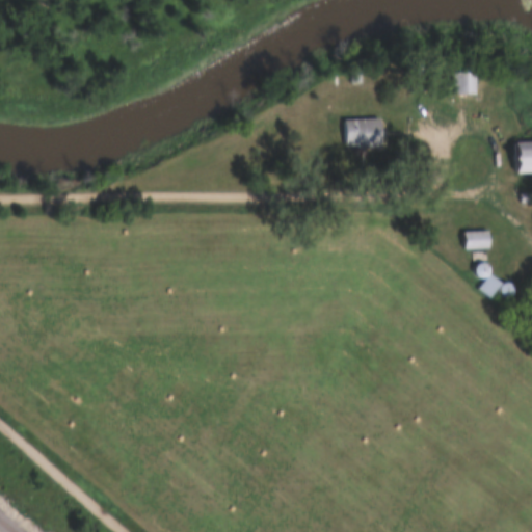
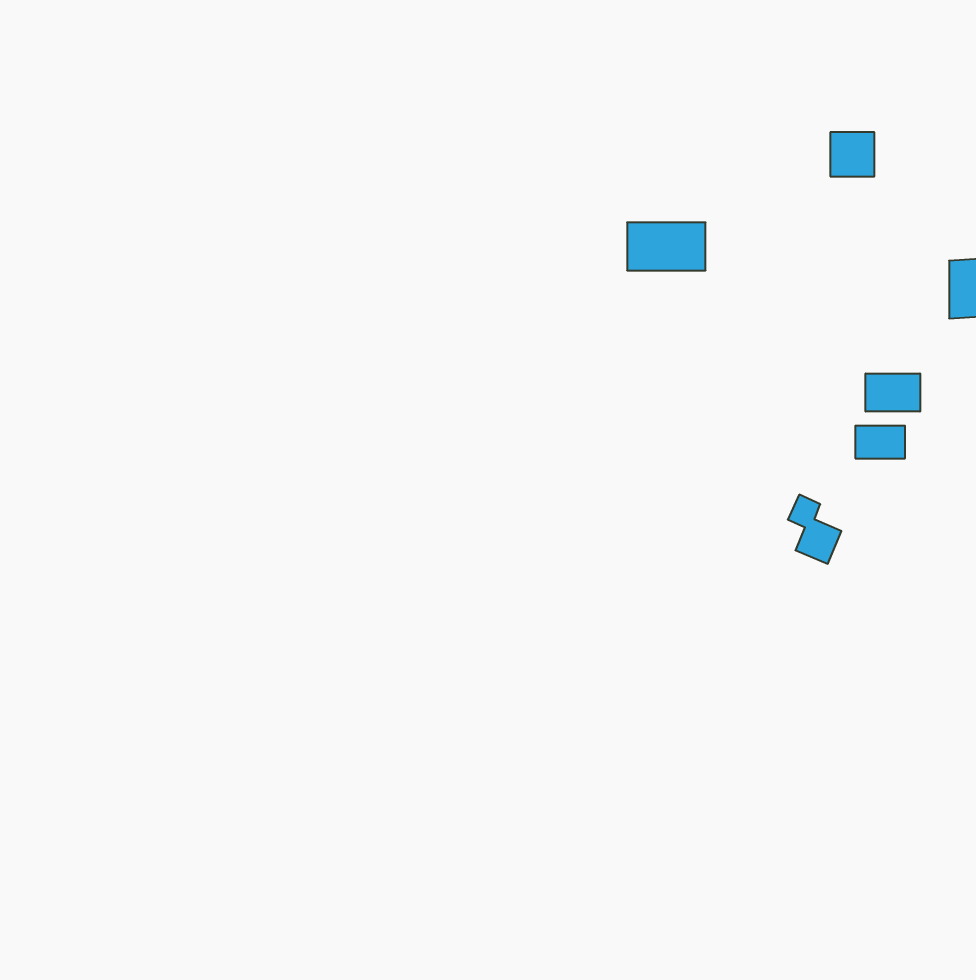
building: none -> [866,373,920,412]
building: [476,261,505,298] -> [788,495,841,564]

